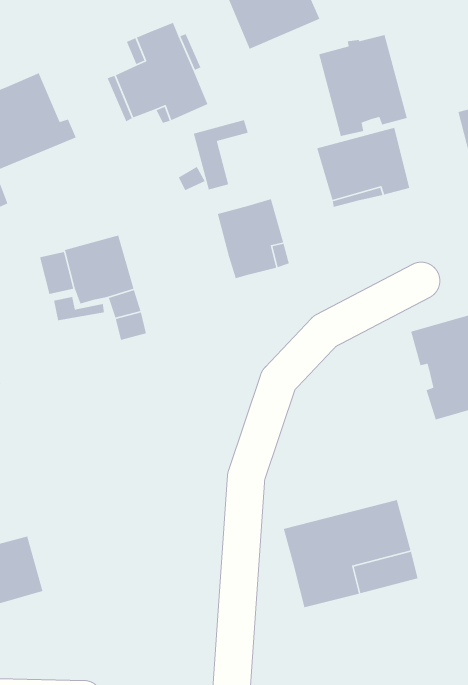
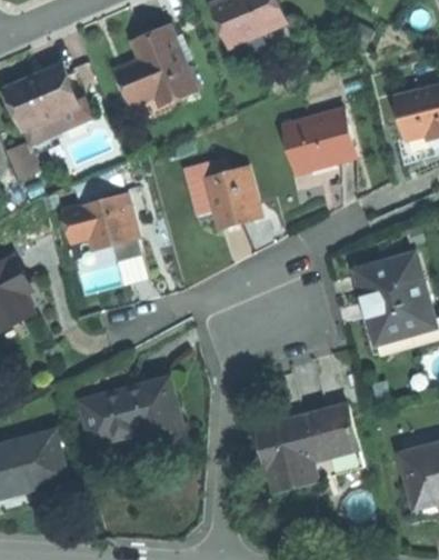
building: [318,34,408,137] -> none
building: [193,119,249,191] -> [182,159,227,216]
building: none -> [81,378,181,448]

